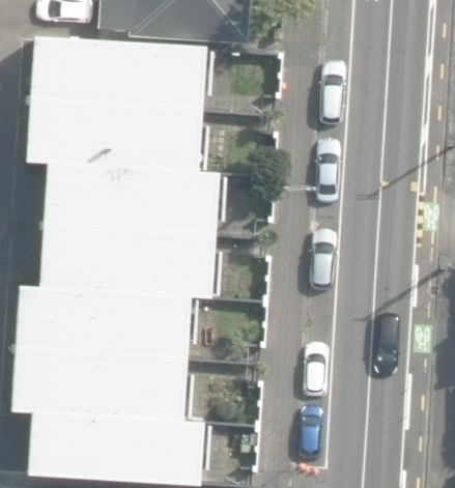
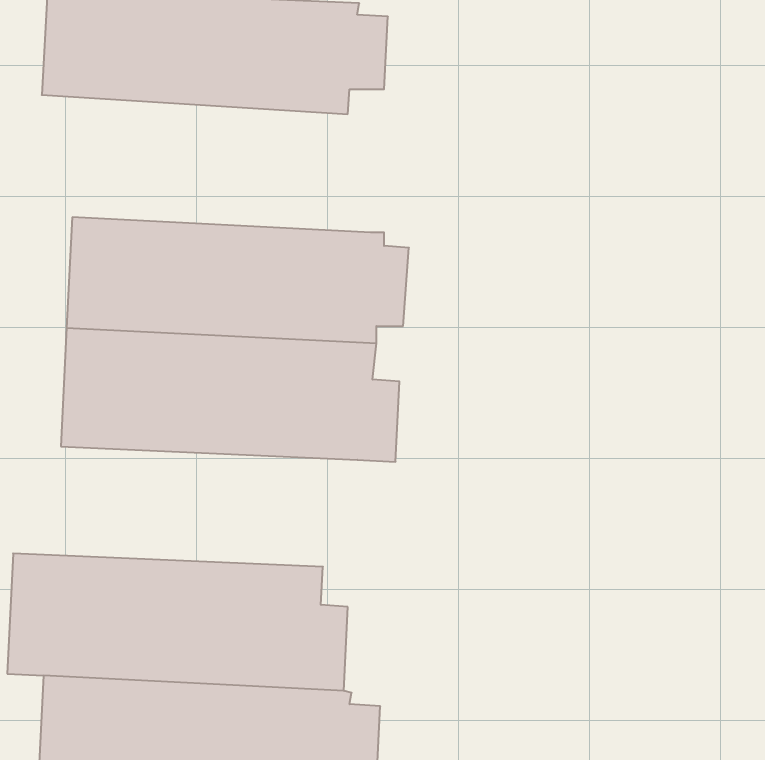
building: [25,96,209,171] -> none
building: [12,286,199,352] -> none

